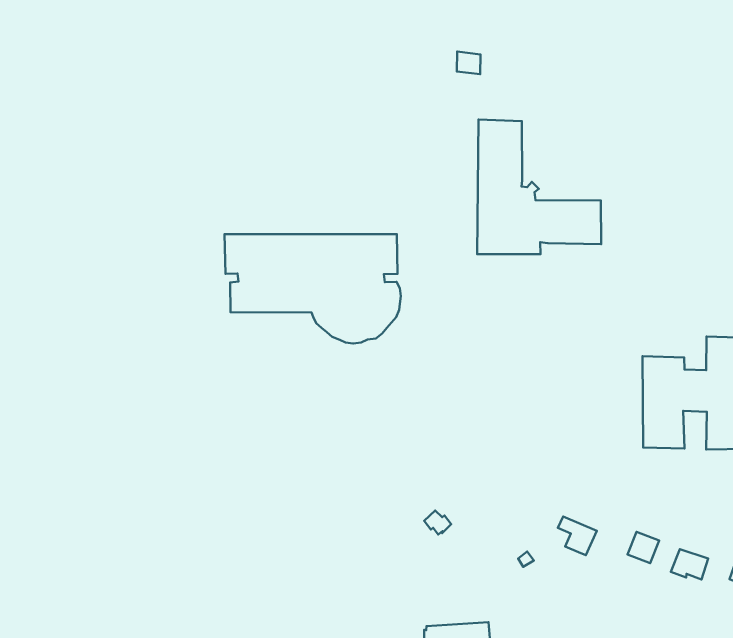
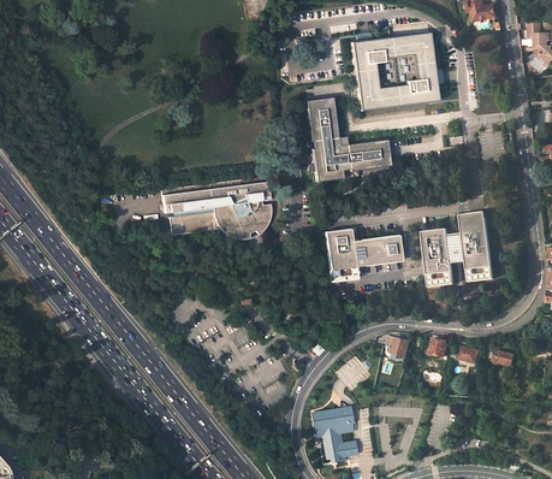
building: none -> [351,31,438,110]
building: none -> [326,227,403,280]

